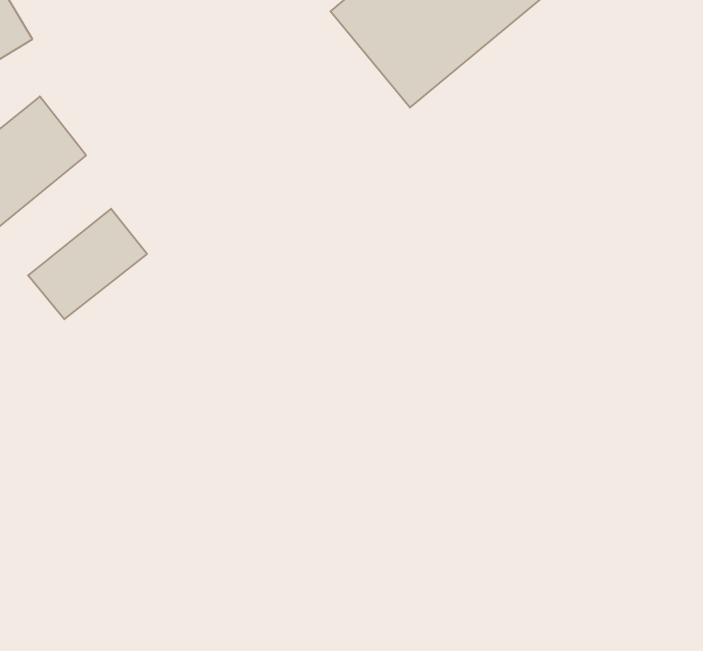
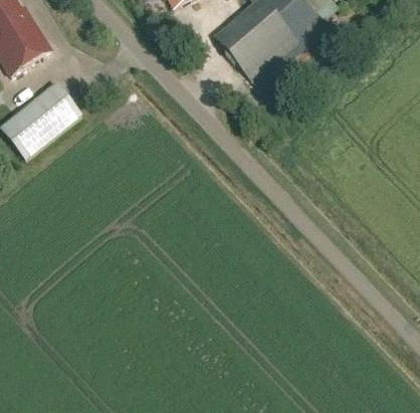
building: [28,209,147,319] -> none

